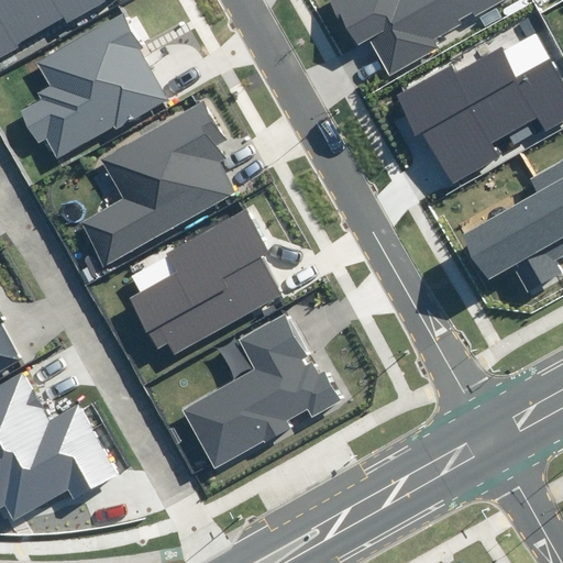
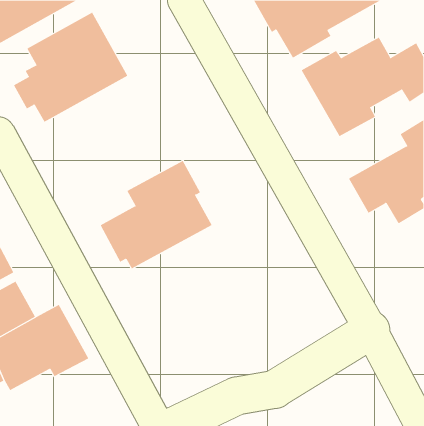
building: [78,103,234,265] -> none
building: [178,311,339,468] -> none

